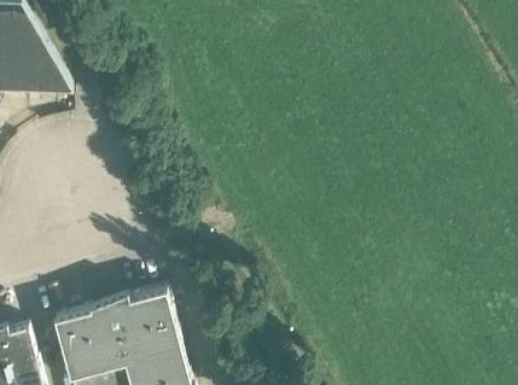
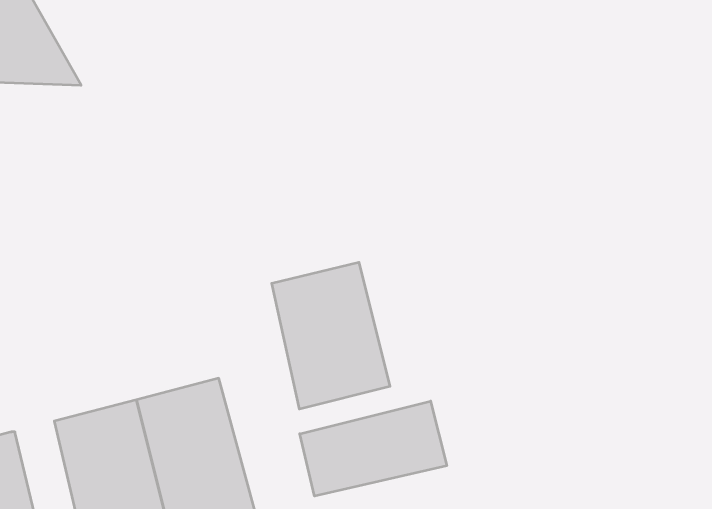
building: none -> [272,262,390,409]
building: none -> [300,401,447,496]

